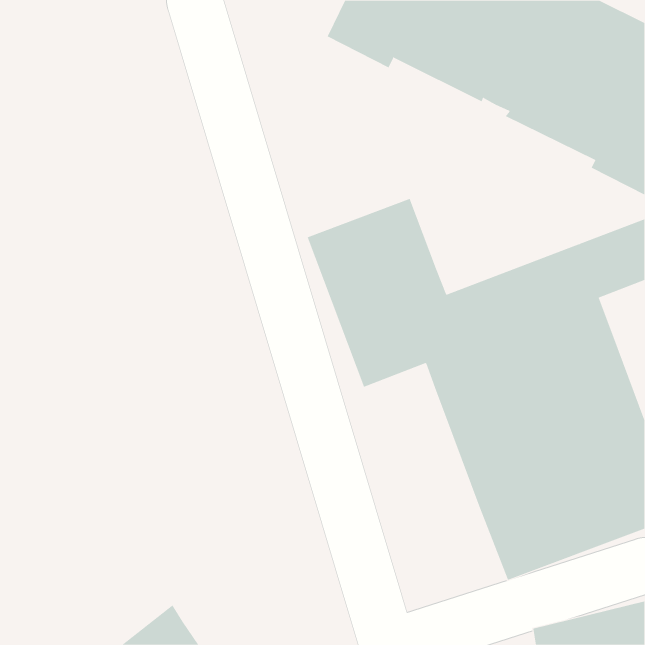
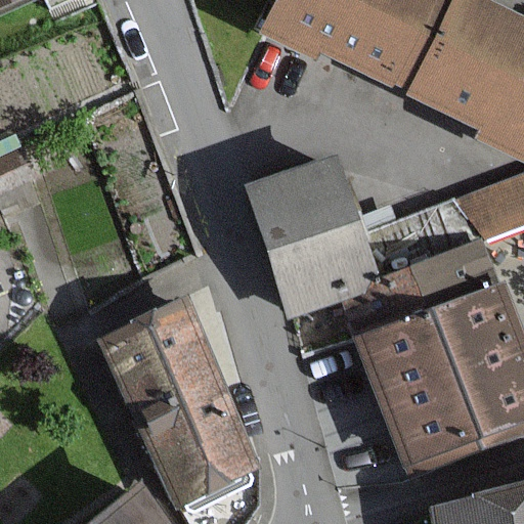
building: none -> [106,307,256,498]

